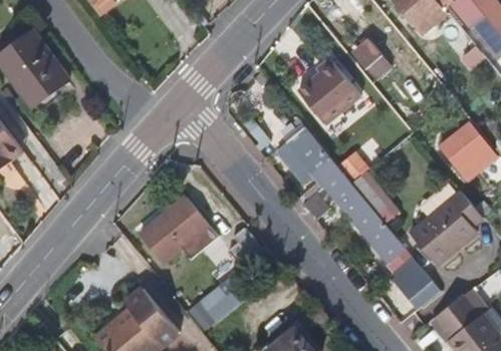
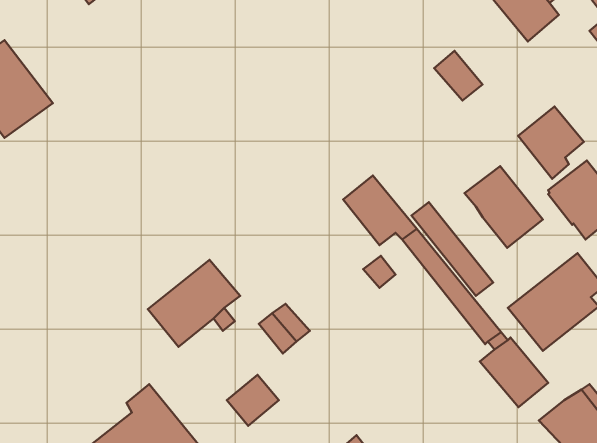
building: [299,57,361,124] -> none
building: none -> [518,107,584,179]
building: none -> [465,166,543,248]

